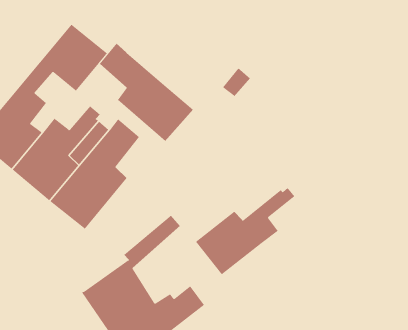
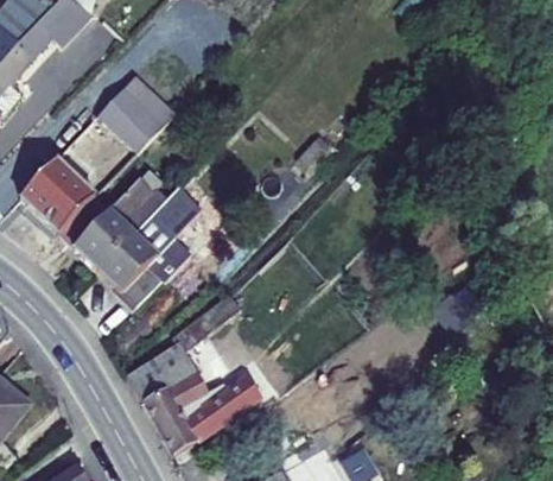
building: [99,43,194,142] -> none
building: [195,187,295,275] -> none

